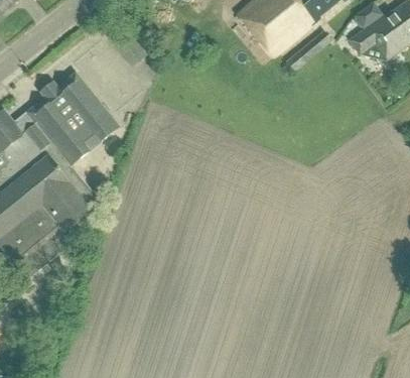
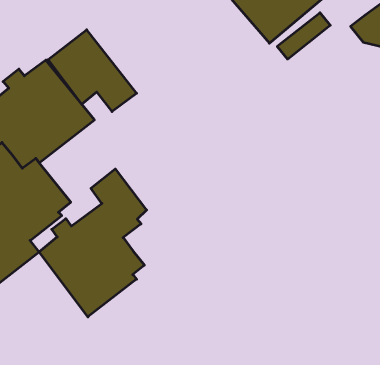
building: none -> [48,30,137,112]
building: none -> [39,169,147,317]

